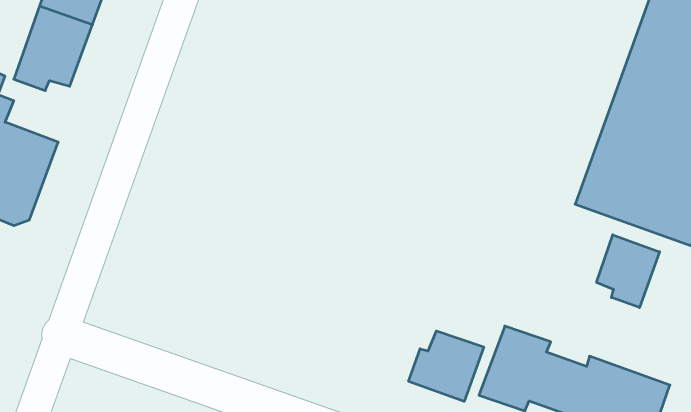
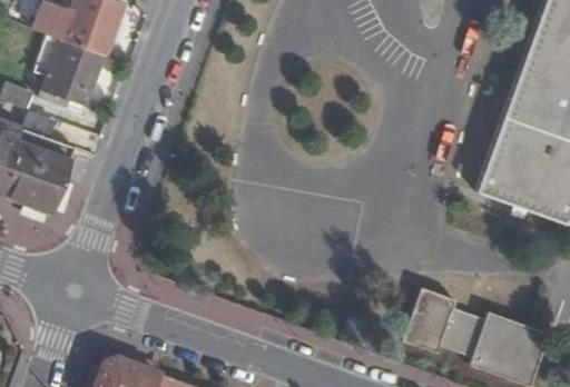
building: [597,235,660,308] -> none
building: [409,331,484,401] -> none

